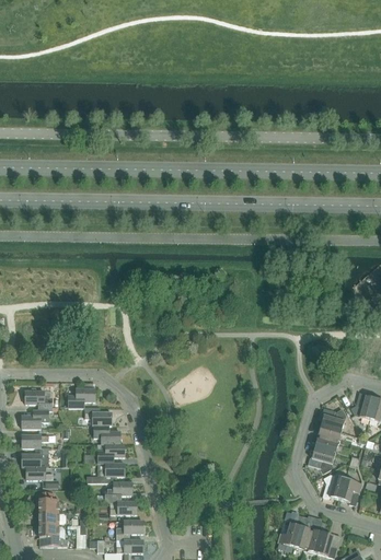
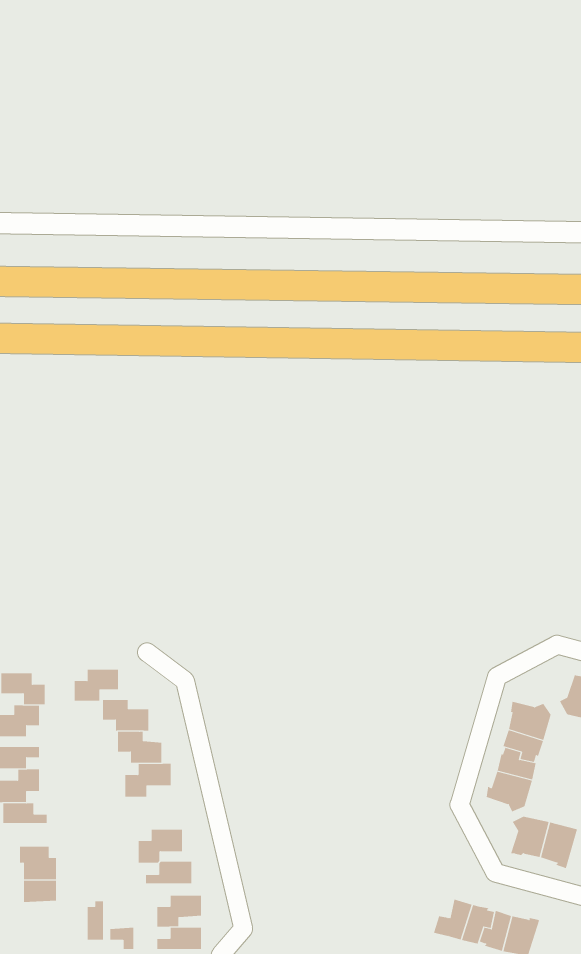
building: [86,464,125,482] -> none
building: [38,524,66,545] -> none

